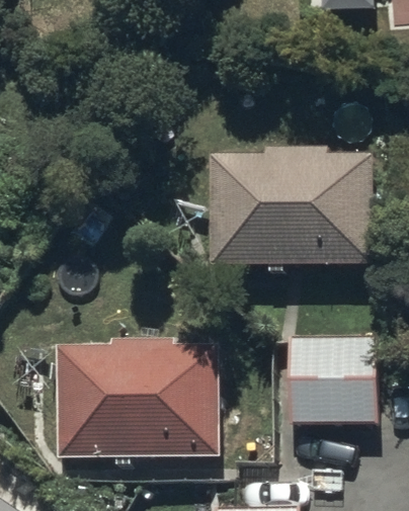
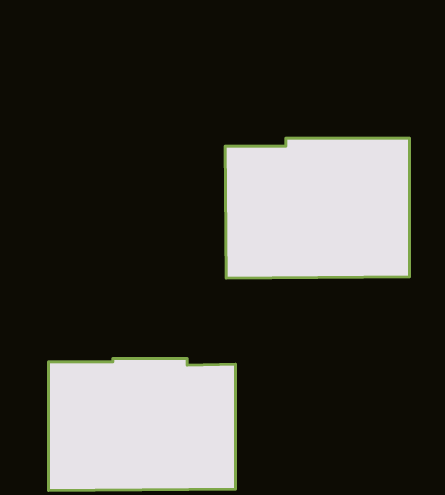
building: [287,338,375,426] -> none

